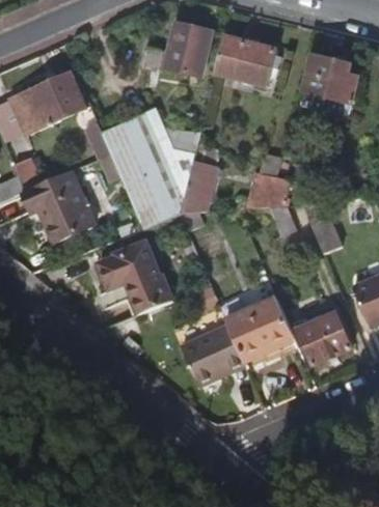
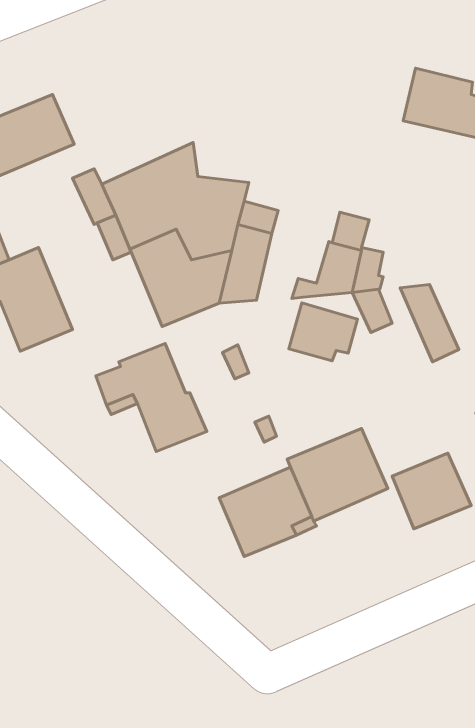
building: [143,23,213,75] -> none
building: [216,34,276,85] -> none
building: none -> [289,303,358,361]

